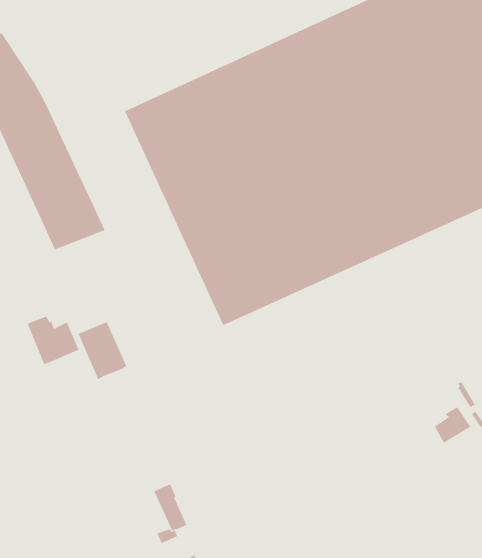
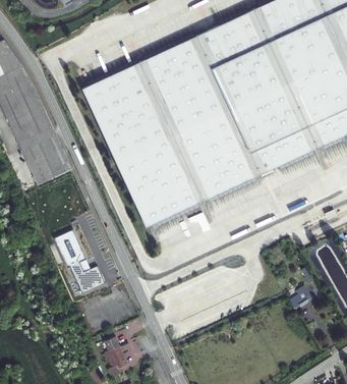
building: [27,316,79,365] -> [68,259,103,291]

